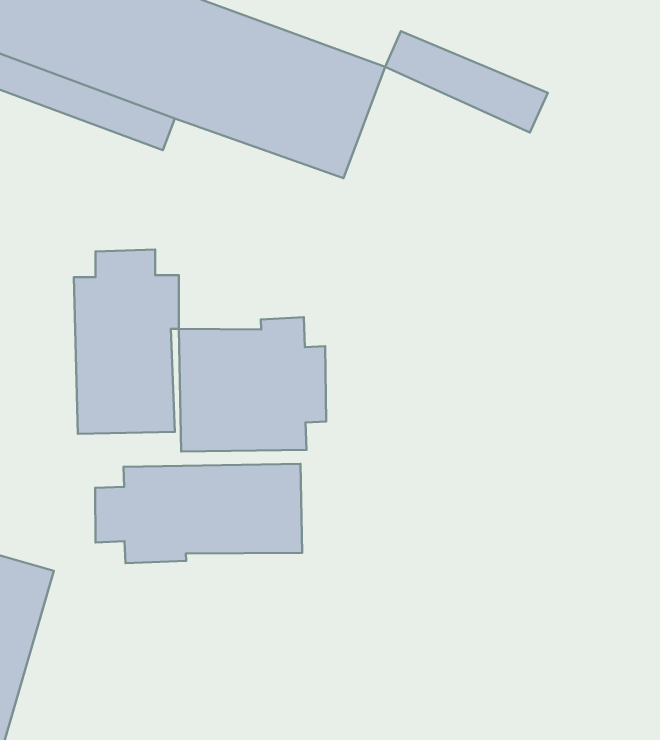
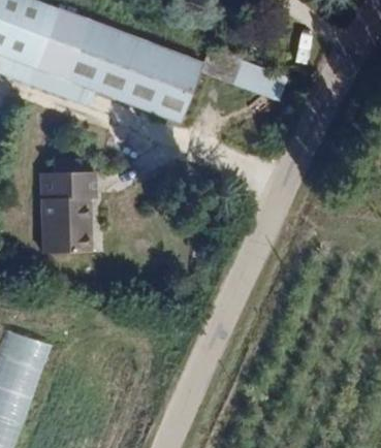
building: [179,317,326,452] -> none
building: [95,464,302,563] -> none

